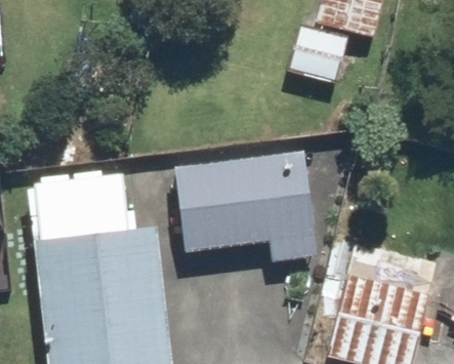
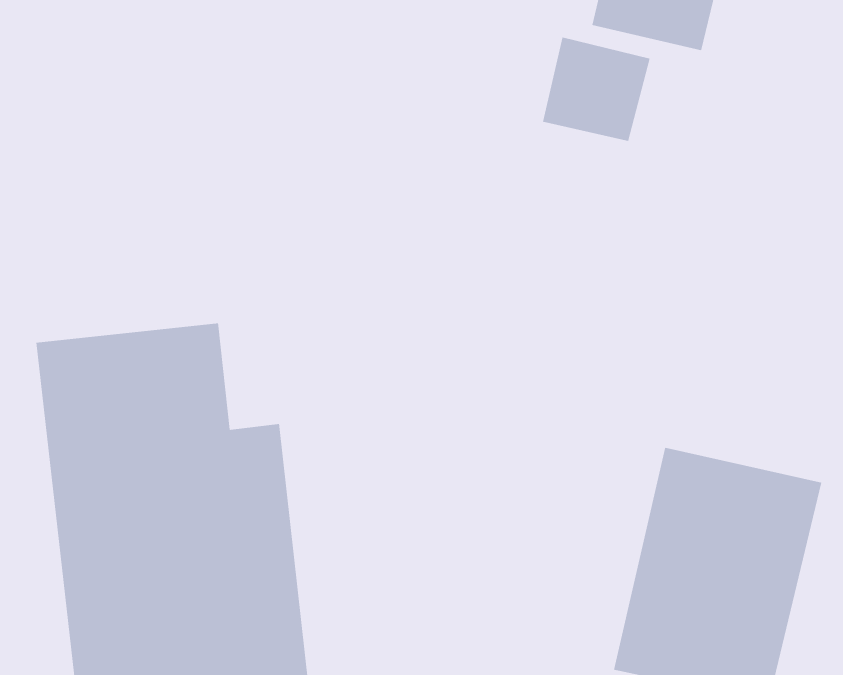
building: [174,153,316,259] -> none

